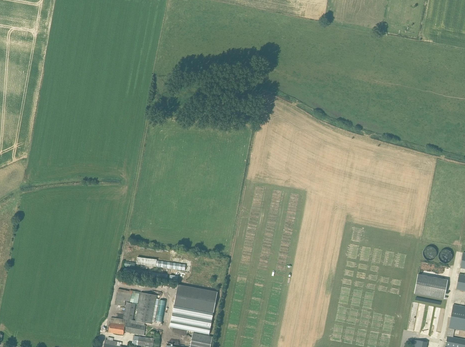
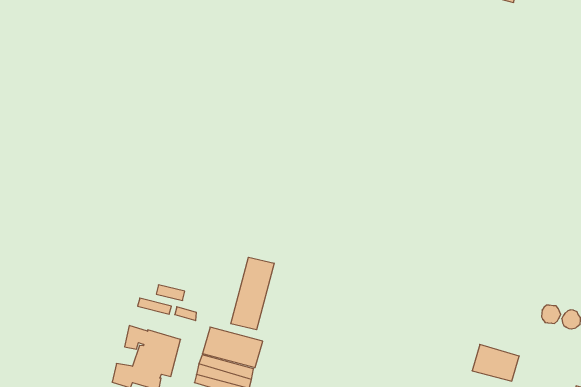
building: none -> [231,257,274,330]
building: [414,274,448,299] -> [472,344,519,381]

